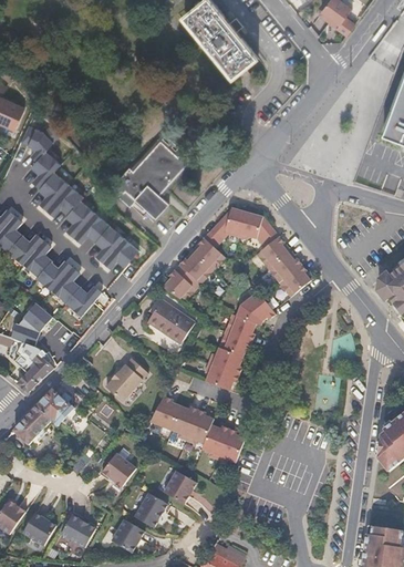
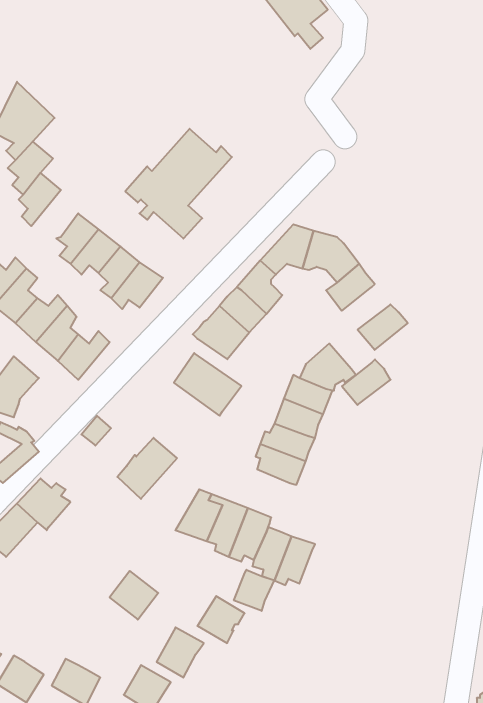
building: [46,184,83,217] -> none
building: [266,250,300,282] -> [342,359,391,405]
building: none -> [234,570,274,611]

